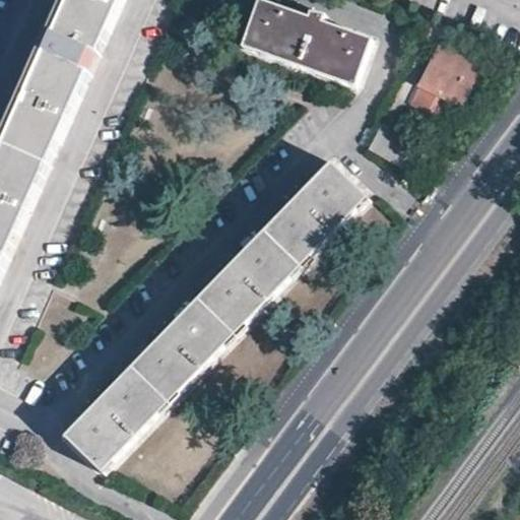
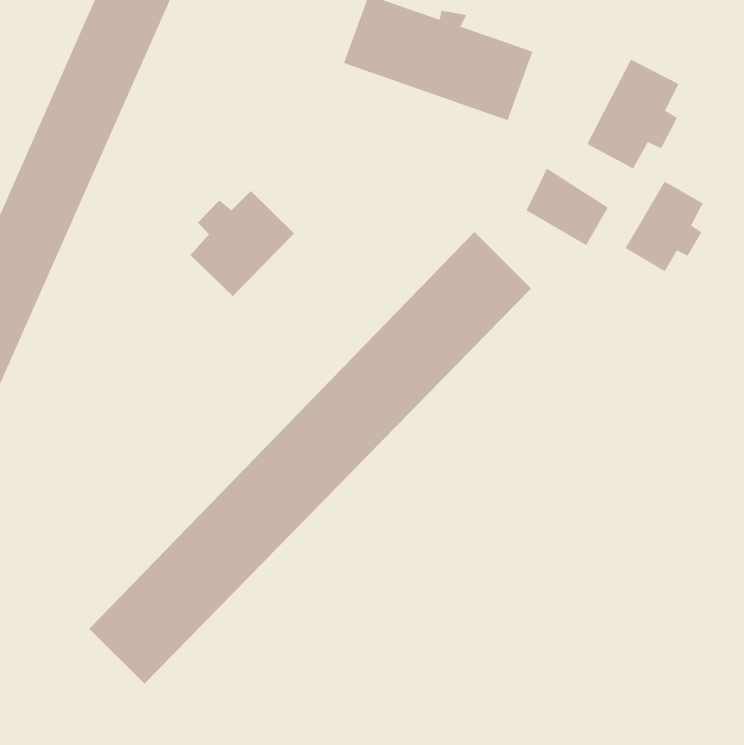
building: none -> [625,181,704,272]
building: none -> [189,190,295,297]

